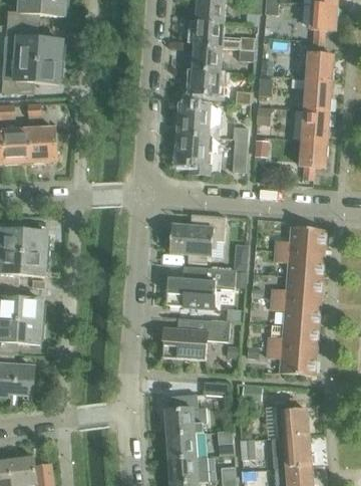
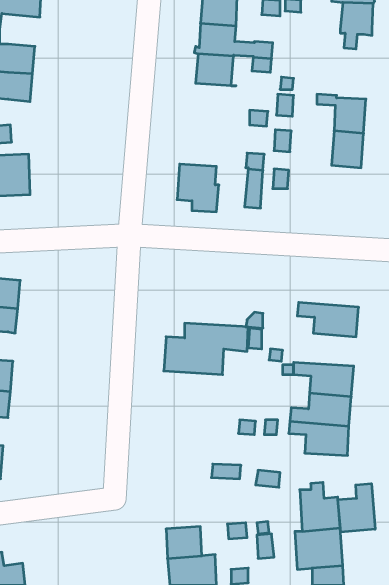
building: [307,40,333,82] -> none
building: [191,69,225,96] -> none
building: [178,106,220,139] -> none
building: [301,137,327,178] -> none
building: [169,213,224,262] -> none
building: [276,226,326,253] -> none
building: [272,274,323,301] -> none
building: [162,318,230,359] -> none
building: [165,395,207,435] -> none
building: none -> [338,484,375,532]

